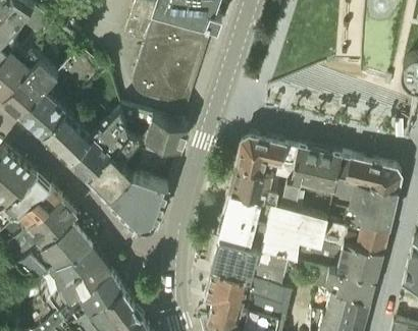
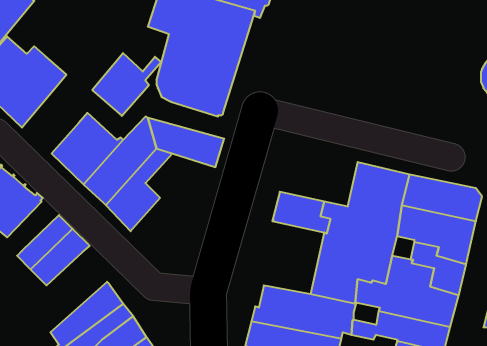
building: [21,89,79,141] -> [92,53,161,116]
building: [234,137,299,184] -> none
building: [111,177,169,230] -> none
building: [9,180,52,221] -> none
building: [220,197,271,257] -> none
building: [15,222,92,289] -> none

